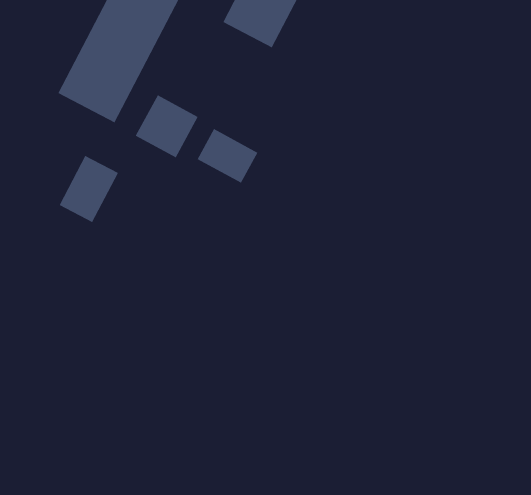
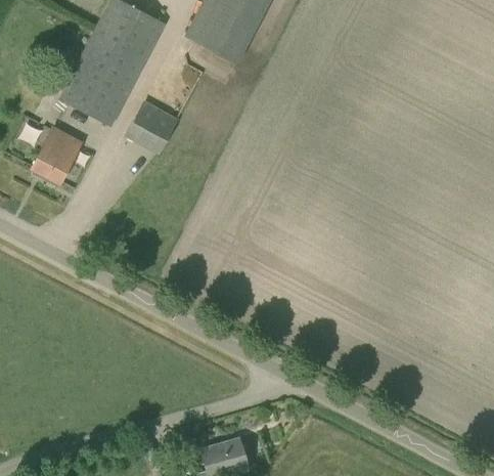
building: [197,128,258,184] -> none
building: [59,155,119,223] -> [32,128,81,183]

